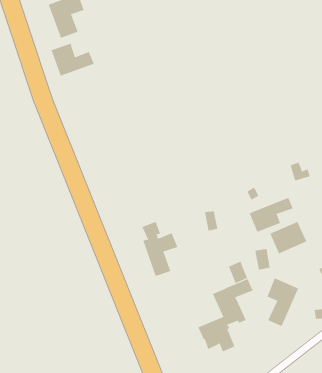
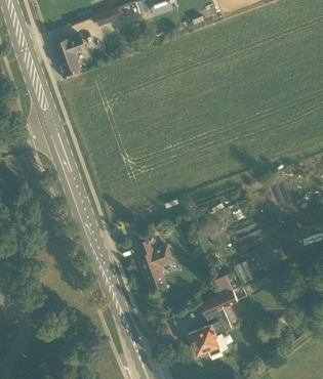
building: [51,43,95,77] -> none
building: [267,278,299,327] -> none

